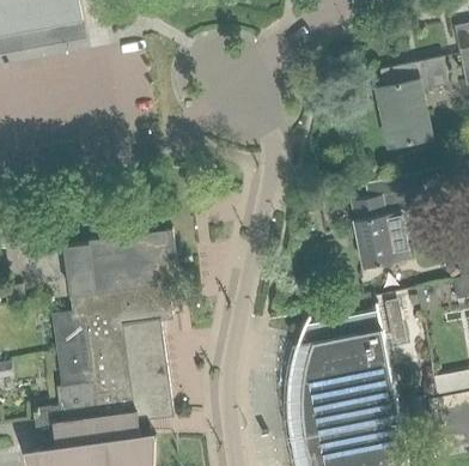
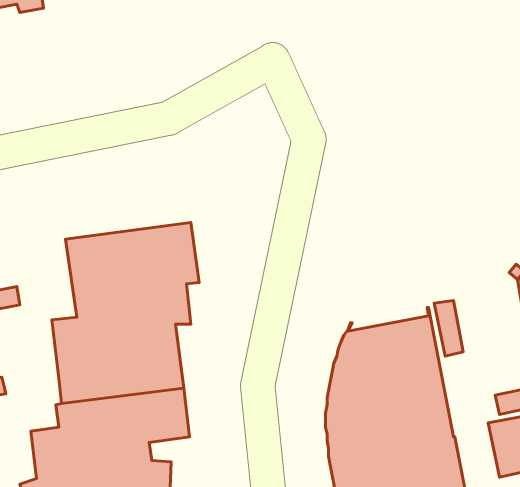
building: [379,56,450,145] -> none
building: [353,174,424,267] -> none

